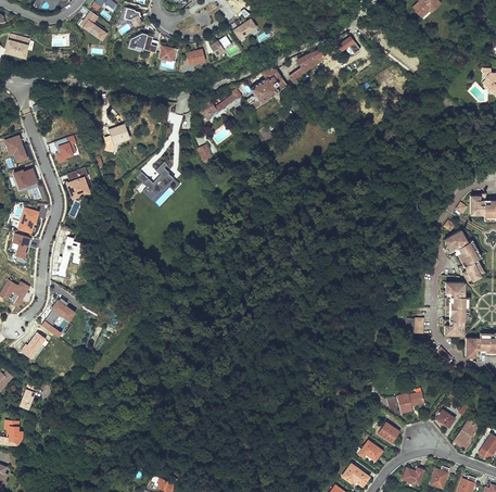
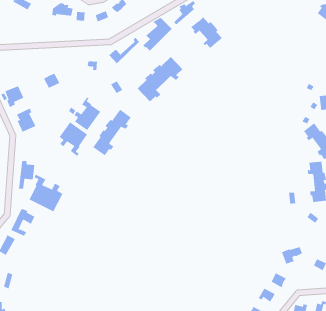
building: none -> [191,17,223,49]
building: none -> [137,56,183,102]
building: none -> [93,109,132,156]
building: none -> [59,122,88,157]
building: none -> [29,174,63,212]

